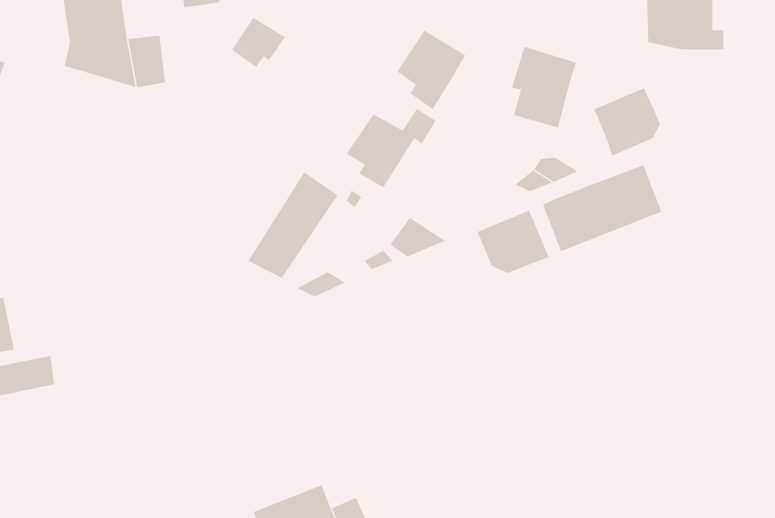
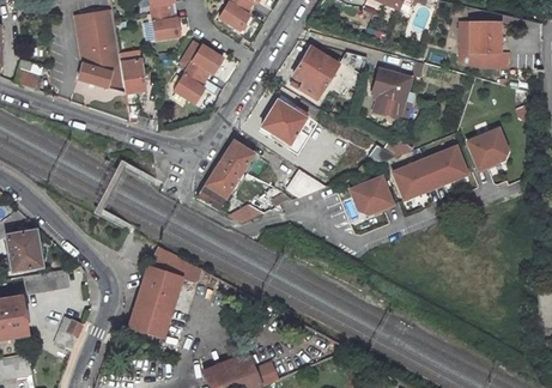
building: none -> [171,67,202,104]
building: [593,87,661,156] -> [466,125,510,170]
building: none -> [127,247,187,337]
building: none -> [54,319,84,352]

